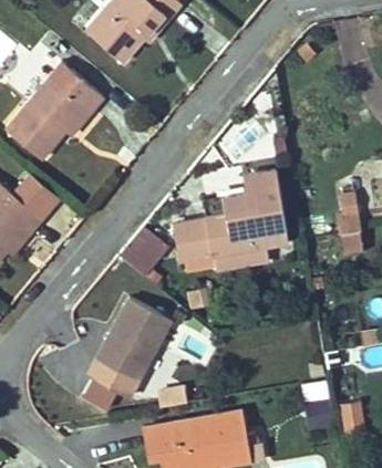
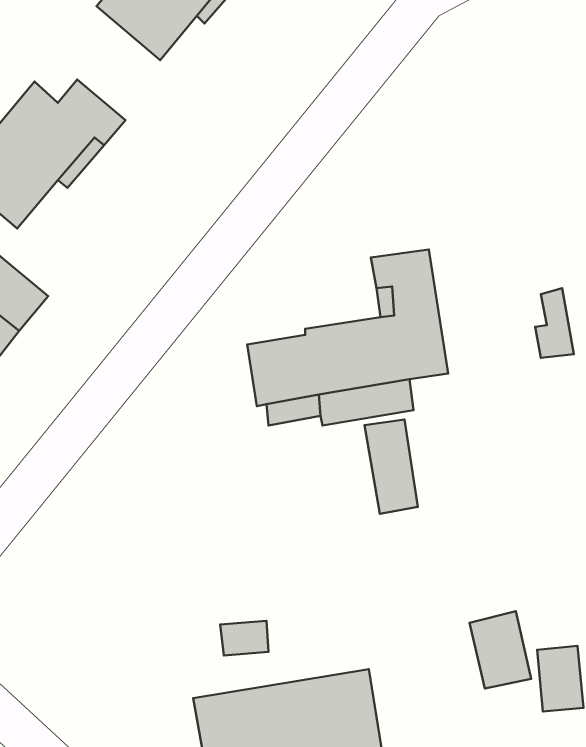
building: [118,227,168,277] -> none
building: none -> [365,419,418,514]
building: [89,298,171,397] -> none

